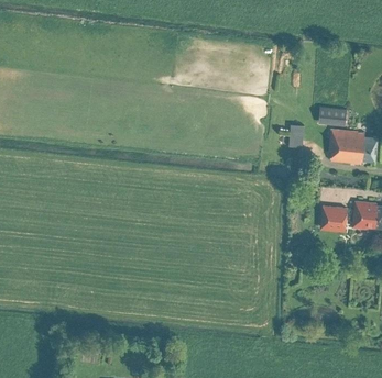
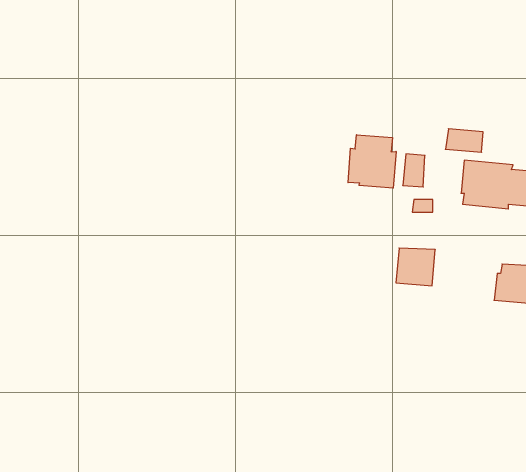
building: none -> [348,135,396,188]
building: [319,205,347,232] -> [396,248,435,286]

